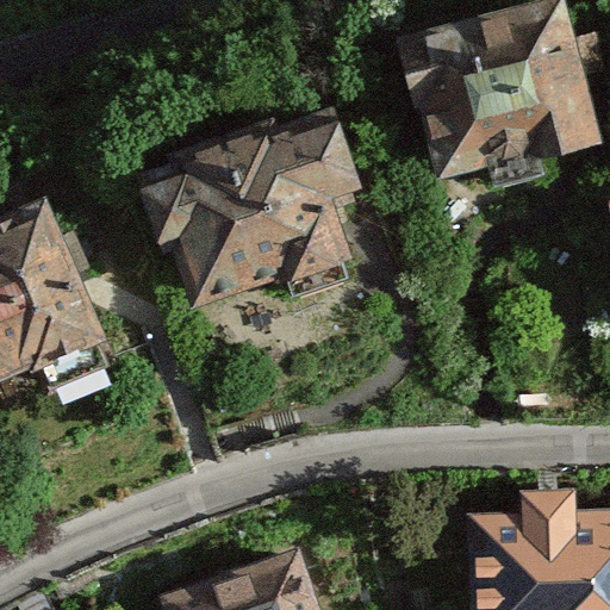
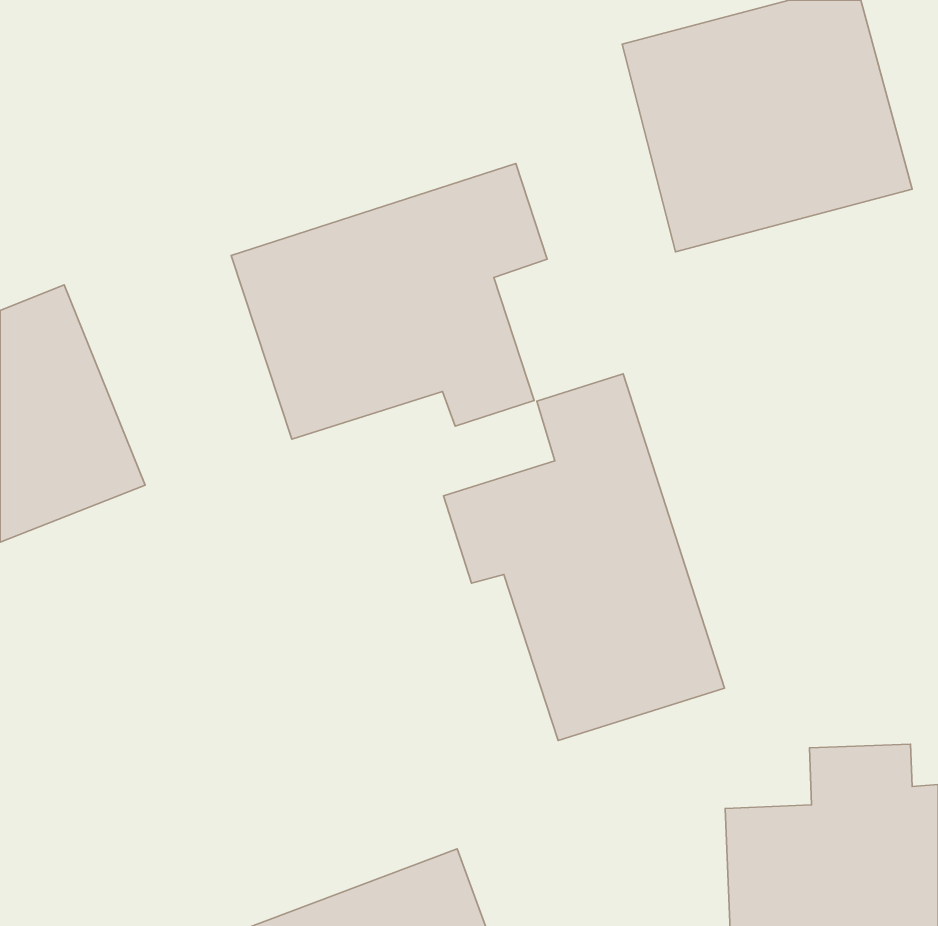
building: none -> [444,374,724,740]

